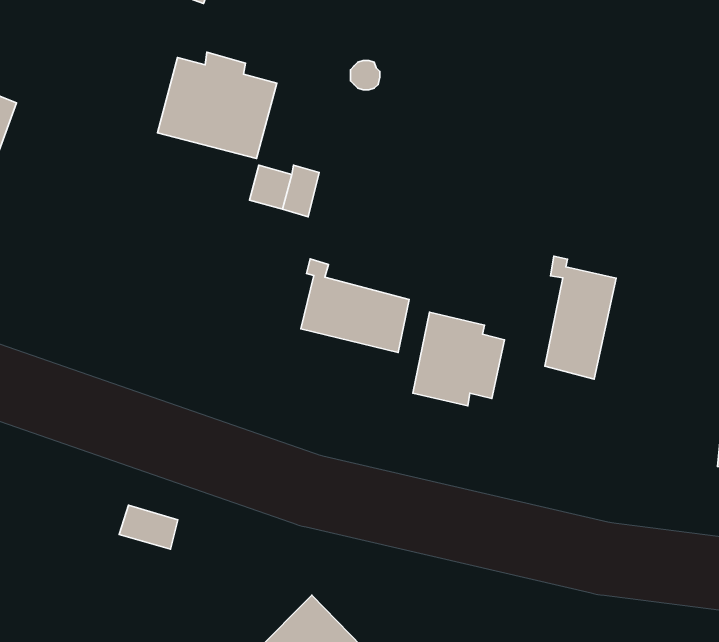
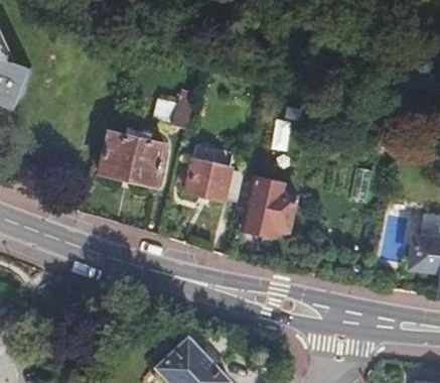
building: [157,52,277,159] -> [100,127,165,185]
building: [545,256,616,379] -> none

